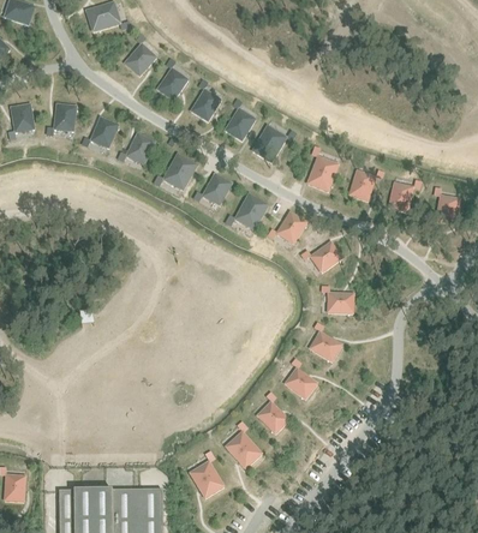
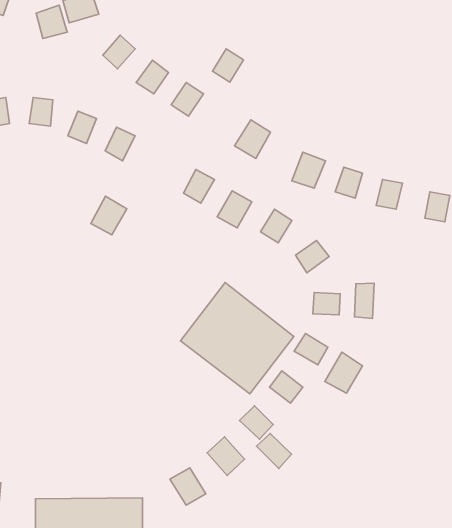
building: none -> [36,5,67,38]
building: [225,107,255,139] -> [212,49,243,82]
building: [162,151,197,188] -> [91,196,127,235]
building: none -> [181,282,294,394]
building: none -> [354,283,374,318]
building: none -> [325,352,363,393]
building: none -> [257,433,291,468]

